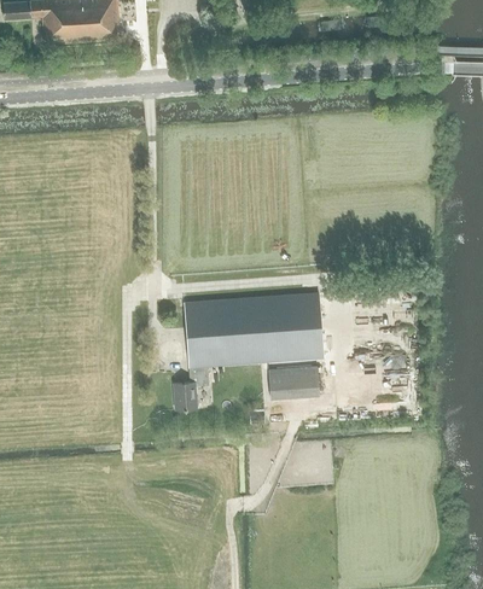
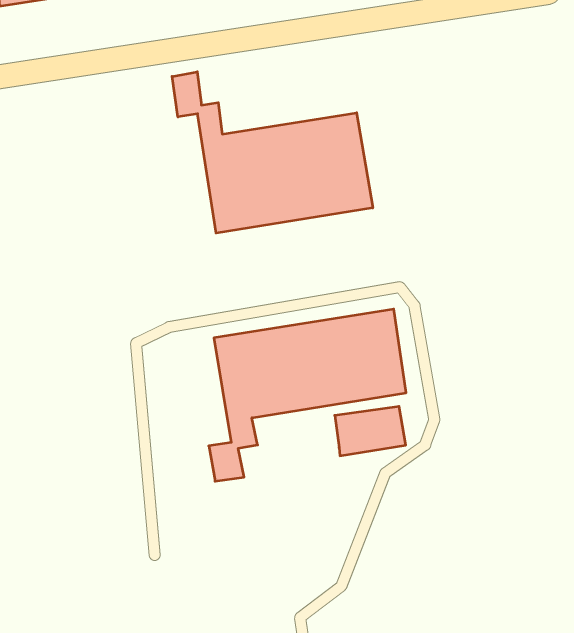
building: none -> [172,72,373,233]

